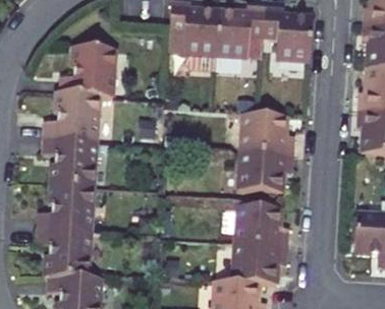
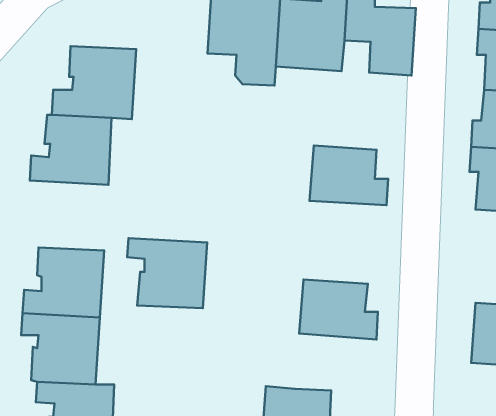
building: [43,135,99,184] -> [127,238,207,308]
building: [237,149,293,191] -> none
building: [229,242,286,284] -> none

